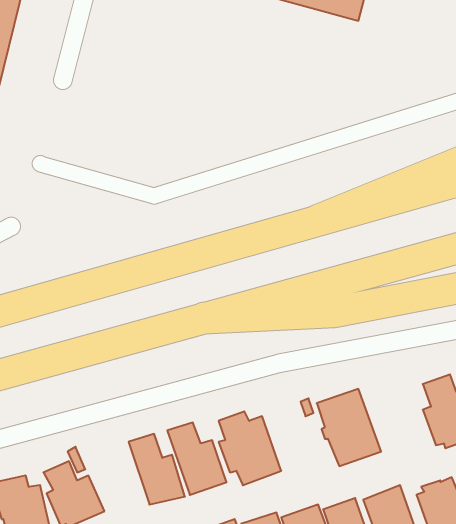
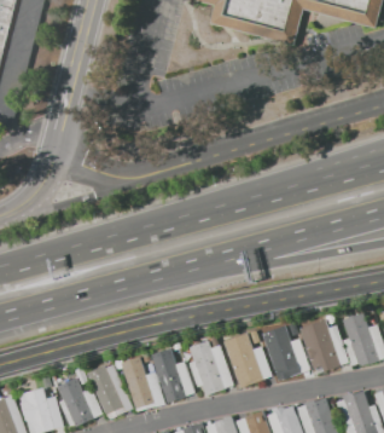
building: none -> [299,319,349,371]
building: none -> [225,333,272,387]
building: none -> [87,364,133,418]

